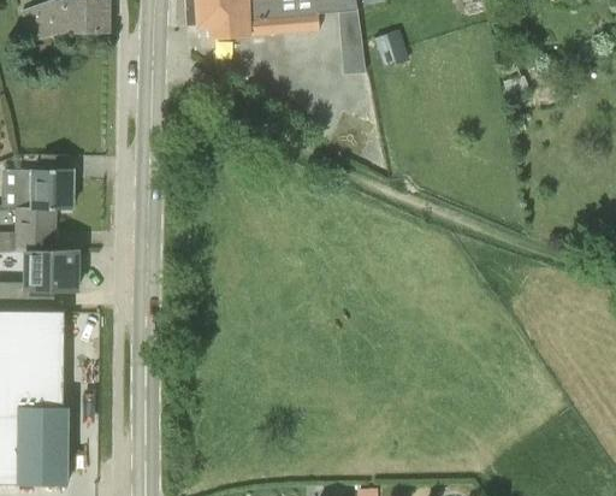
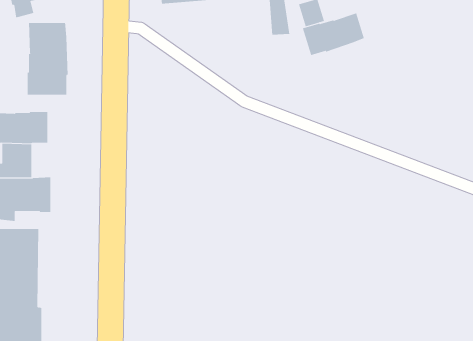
building: none -> [302,12,365,56]
building: none -> [27,22,68,95]

